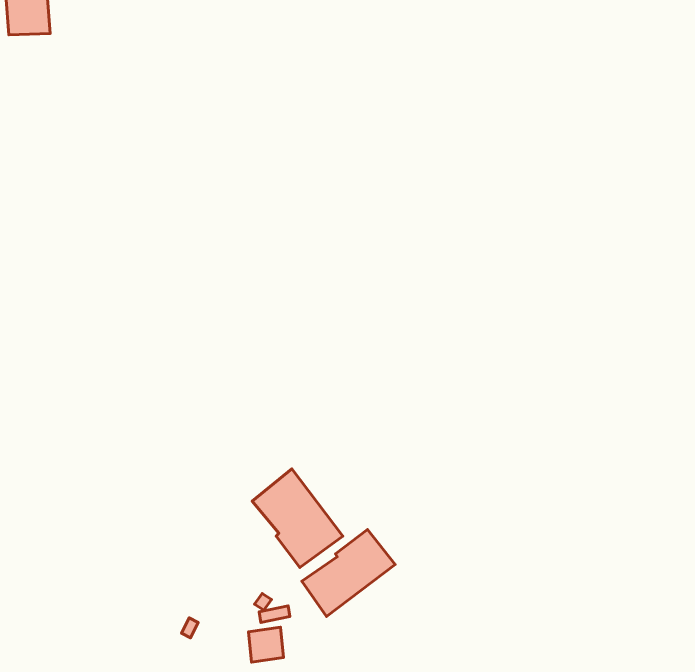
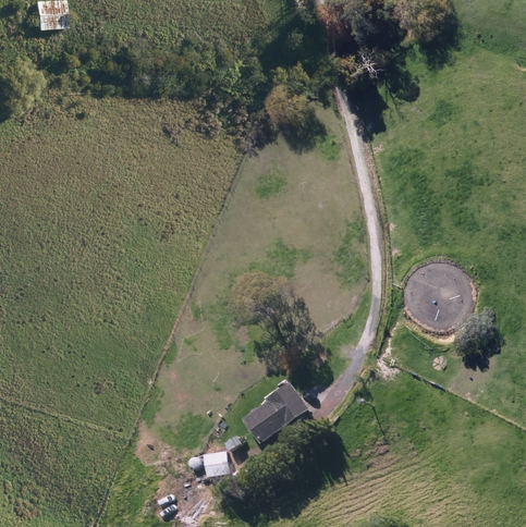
building: [252,469,343,568] -> none

